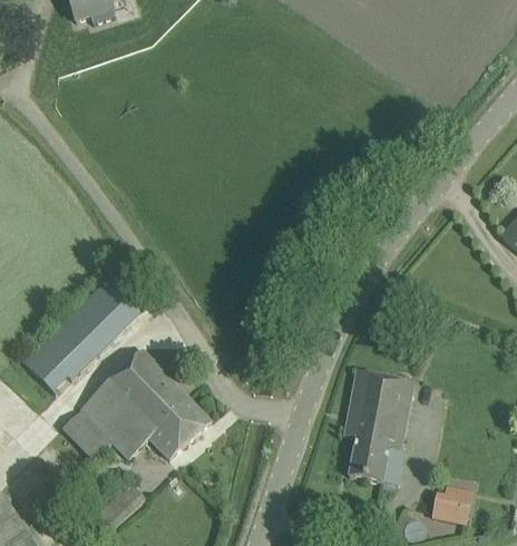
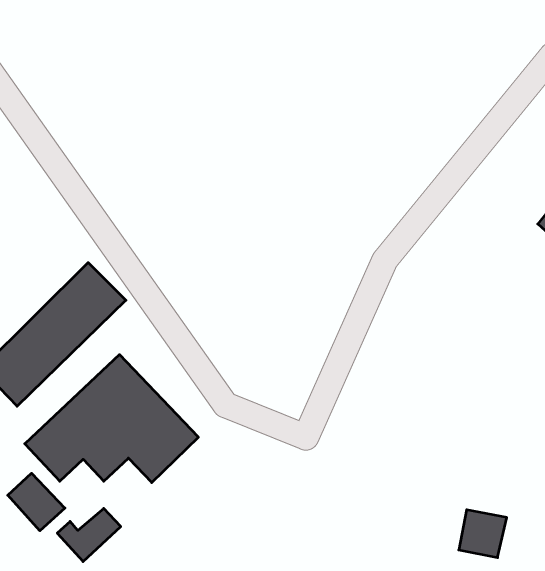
building: [343,371,414,482] -> none
building: none -> [8,473,65,531]

